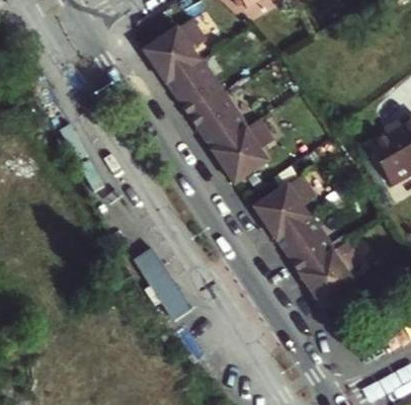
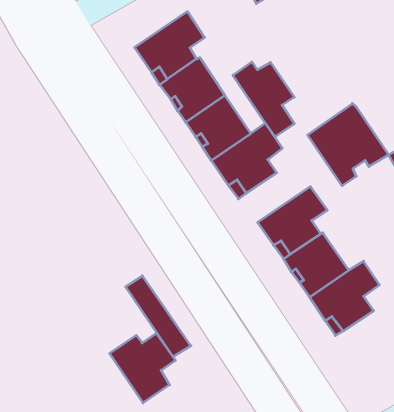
building: none -> [233,62,294,137]
building: none -> [308,103,388,186]
building: none -> [110,333,175,403]

